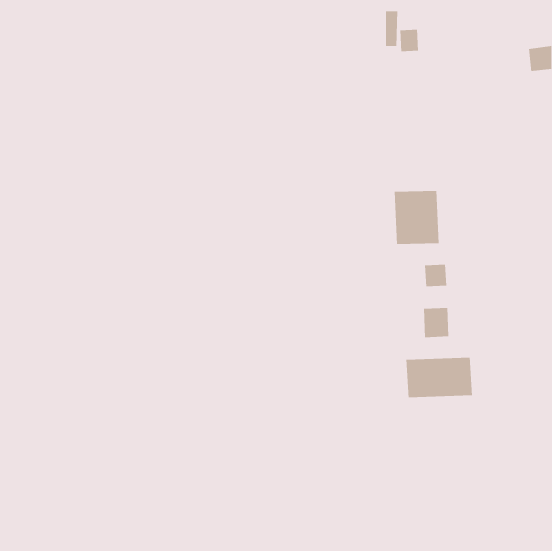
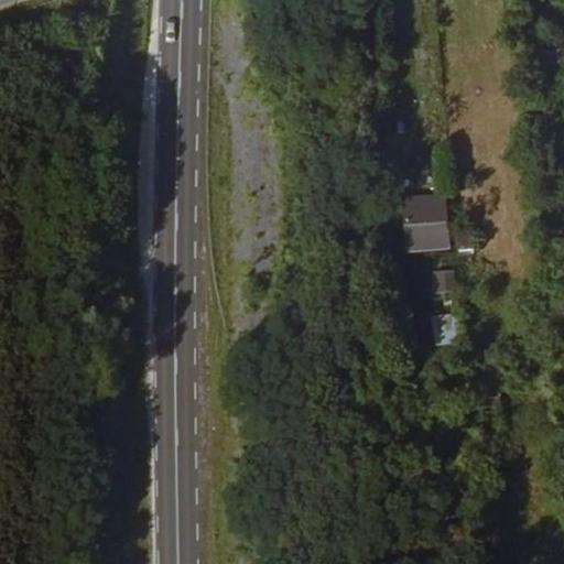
building: [406,357,473,398] -> none

